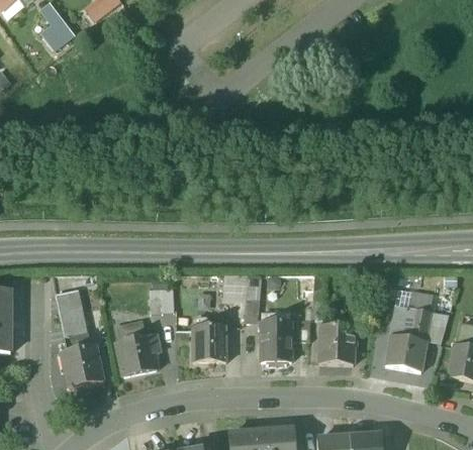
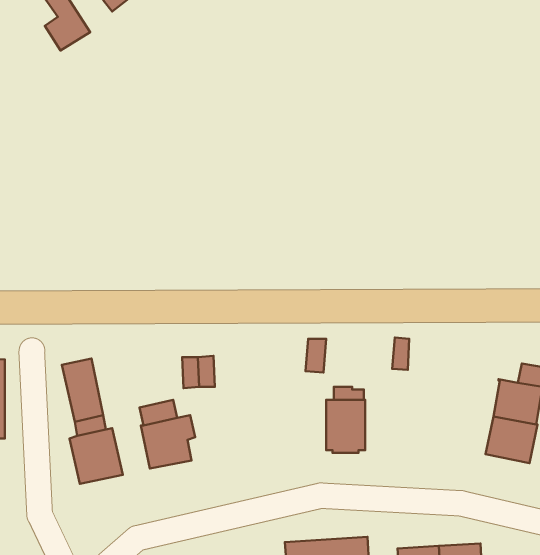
building: [191,317,225,360] -> none
building: [319,320,356,362] -> none

